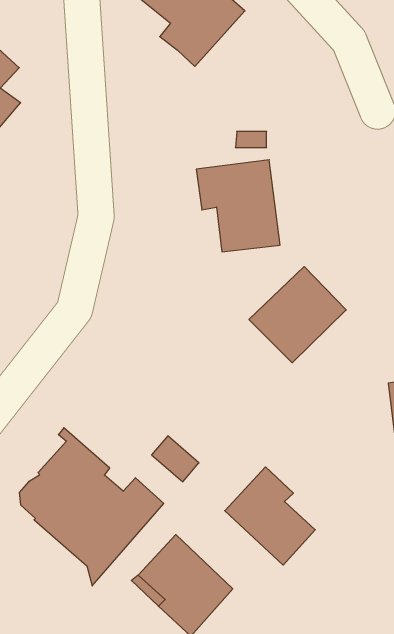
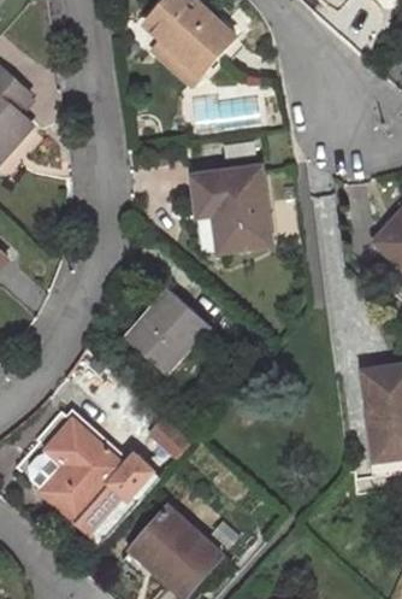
building: [249,267,346,363] -> [126,290,213,376]
building: [225,467,315,565] -> none

